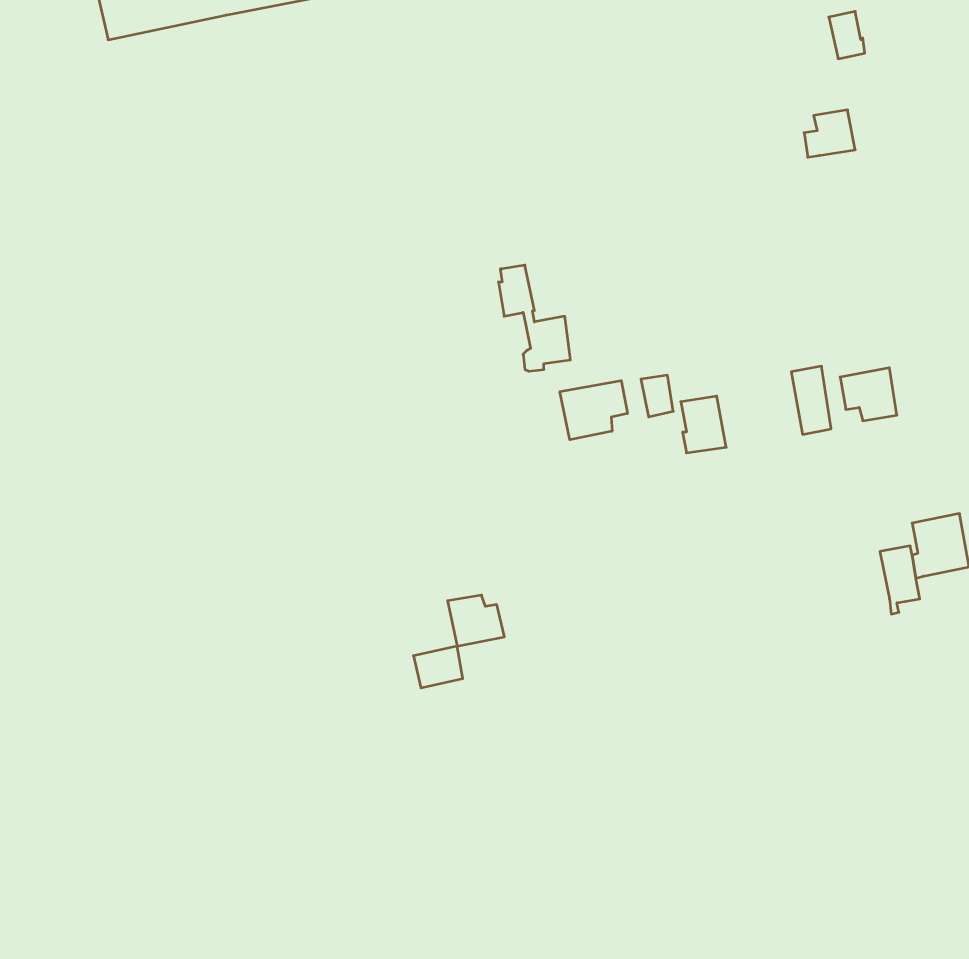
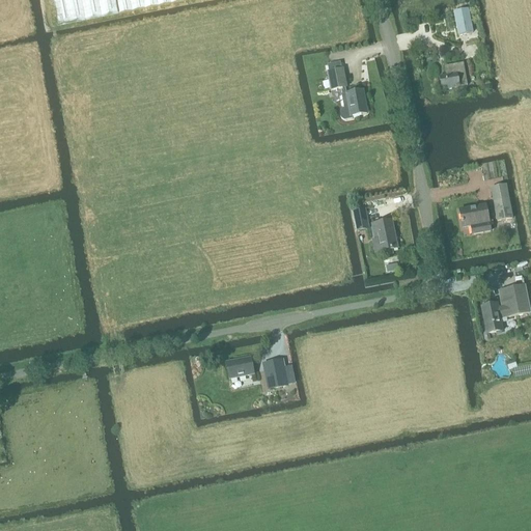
building: [498,265,570,371] -> [327,58,366,116]
building: [791,366,831,434] -> [491,180,512,218]
building: [560,381,627,440] -> none
building: [448,595,504,646] -> [264,357,296,385]

